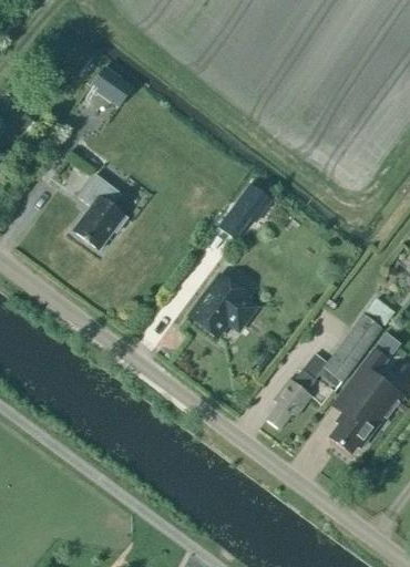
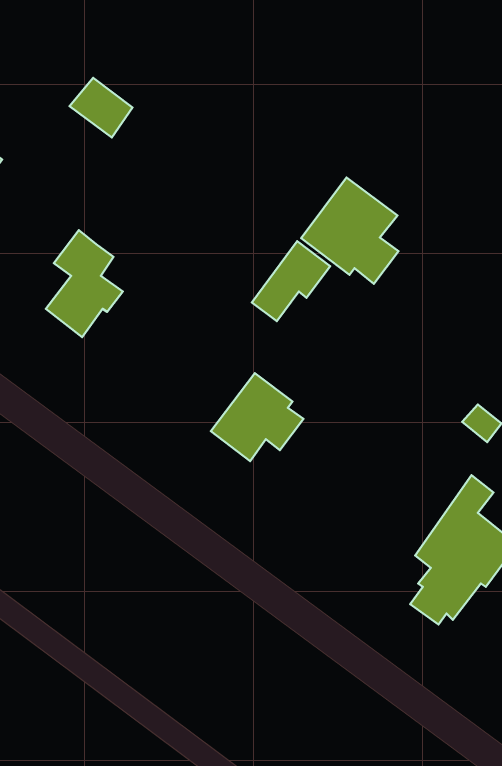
building: none -> [301,177,399,284]
building: [265,313,382,429] -> none

